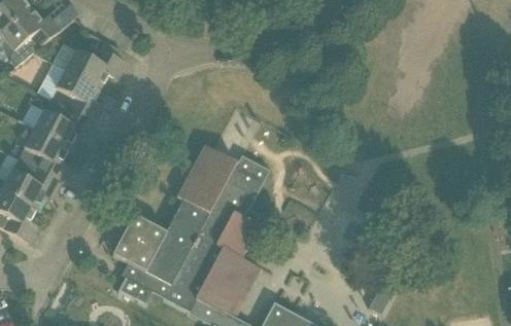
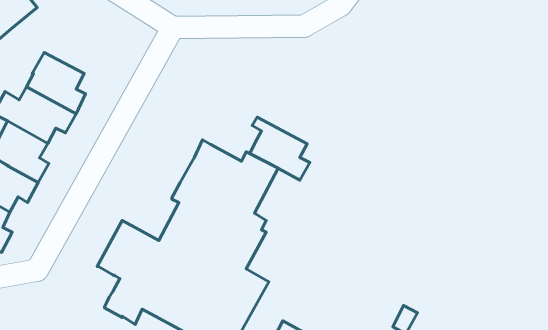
building: [65,39,125,86] -> none
building: none -> [250,117,310,180]

